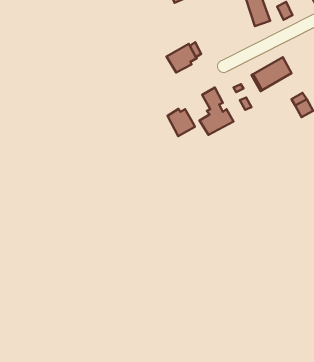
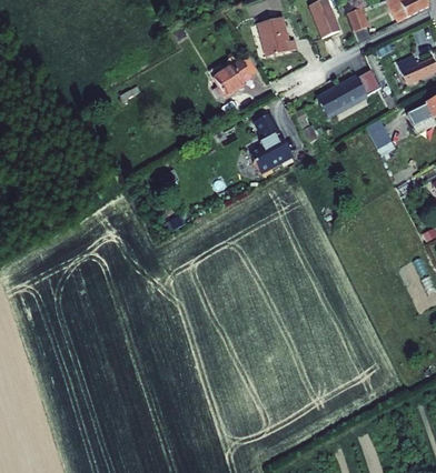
building: none -> [260,16,298,54]
building: [167,109,195,136] -> none

